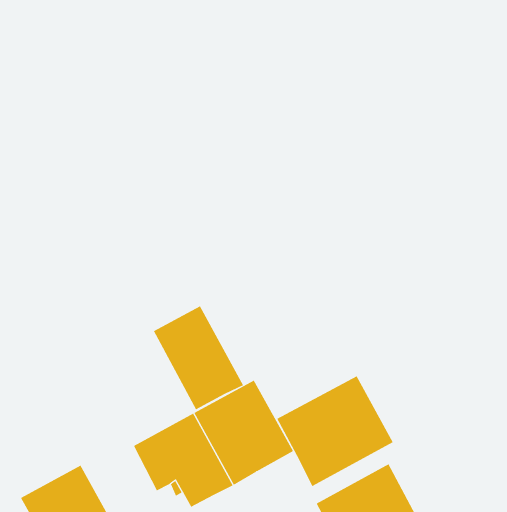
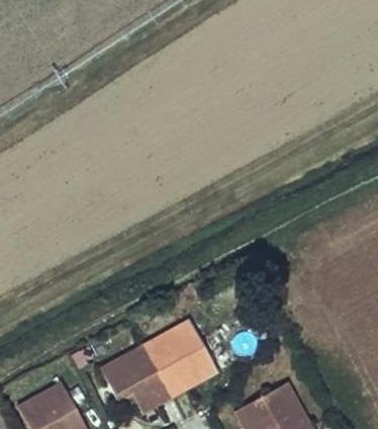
building: [153,305,244,410] -> none
building: [276,376,393,487] -> none

